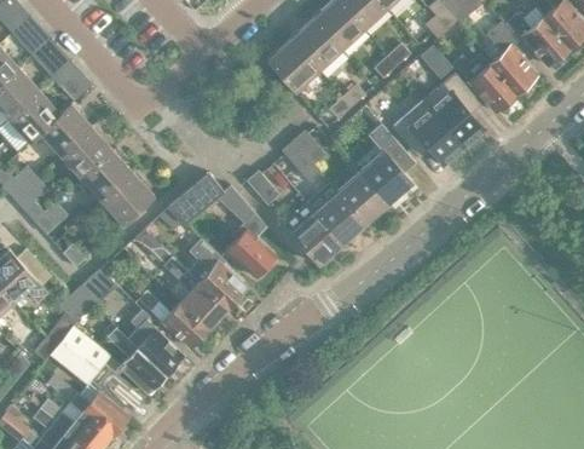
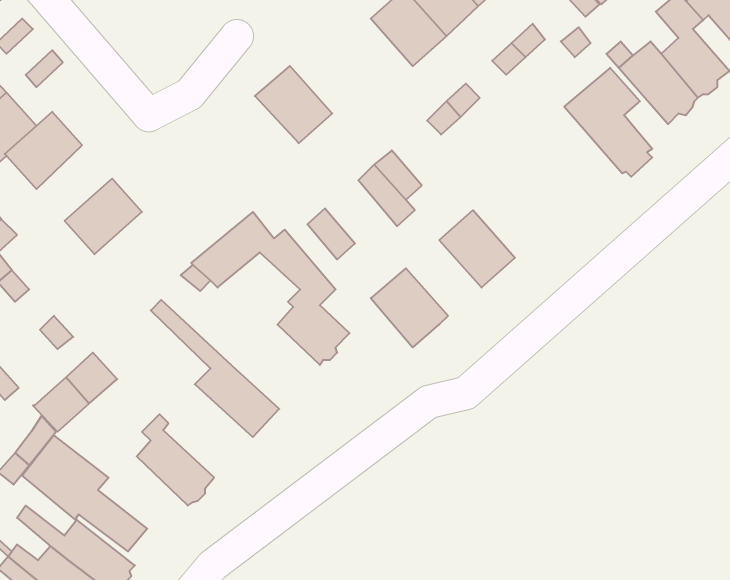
building: [265,40,318,93] -> [255,66,332,143]
building: [391,100,463,166] -> none
building: [59,127,111,179] -> none
building: [359,136,414,205] -> none
building: [99,173,154,225] -> none
building: [313,192,365,244] -> none
building: [191,241,245,309] -> none
building: [140,294,208,349] -> none
building: [110,333,163,395] -> none

